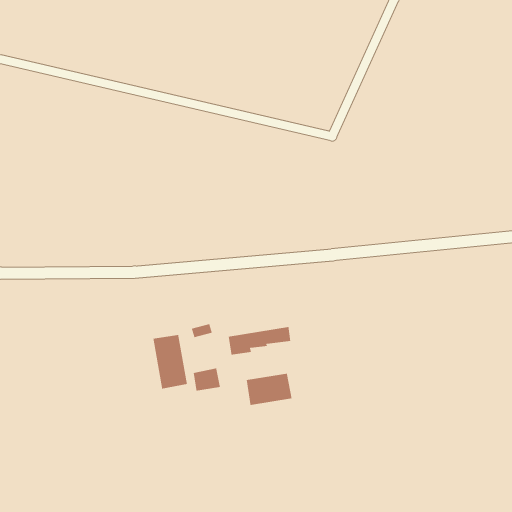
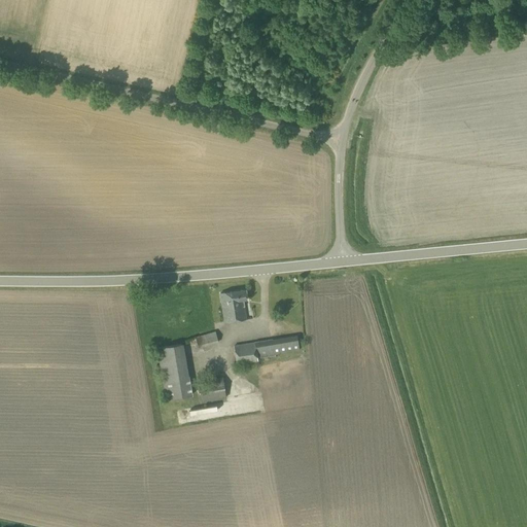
building: none -> [220,289,248,322]
building: [246,373,292,406] -> none

